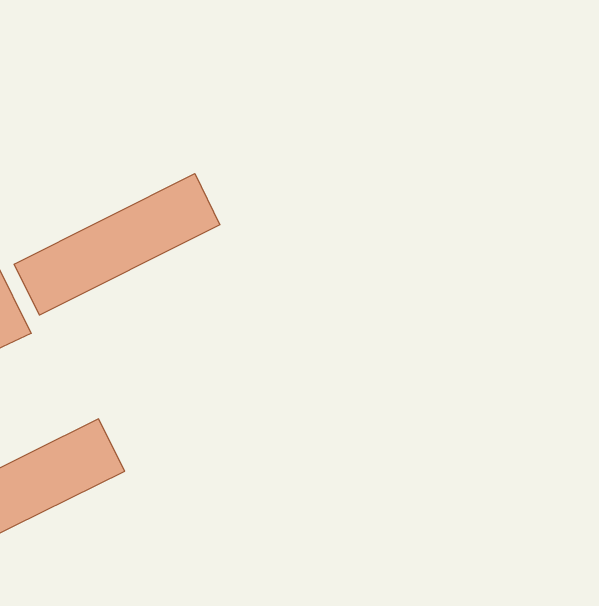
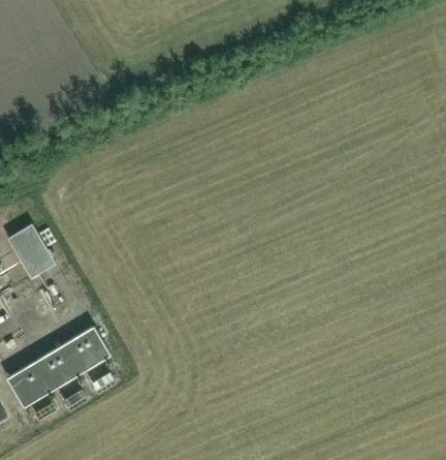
building: [14,174,220,315] -> none

